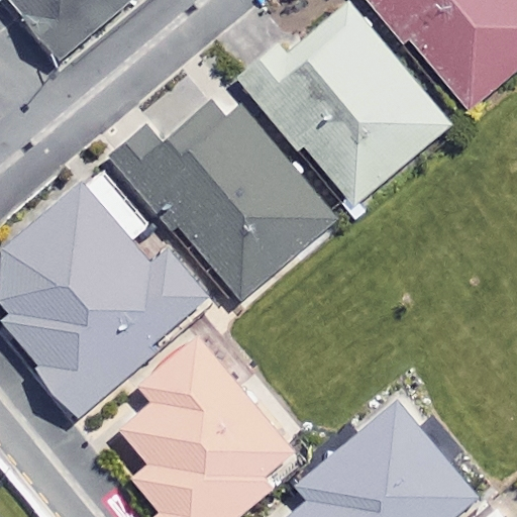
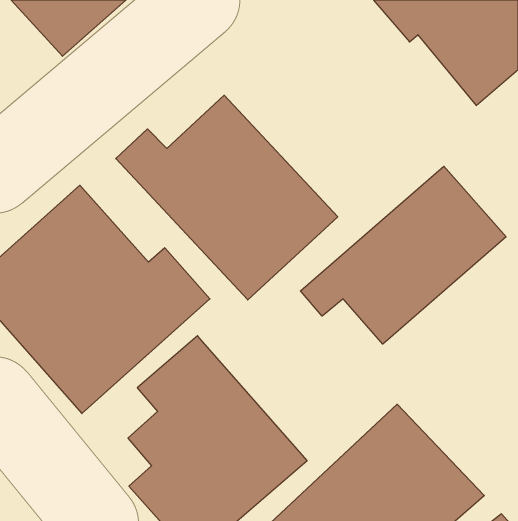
building: [262,6,449,206] -> none
building: none -> [300,166,506,344]

